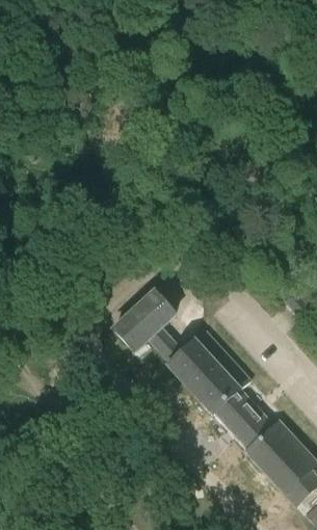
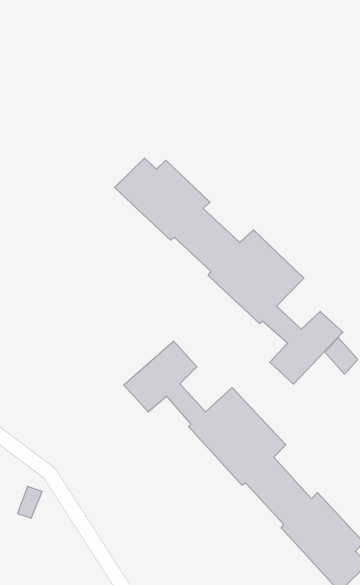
building: none -> [115,158,343,384]

